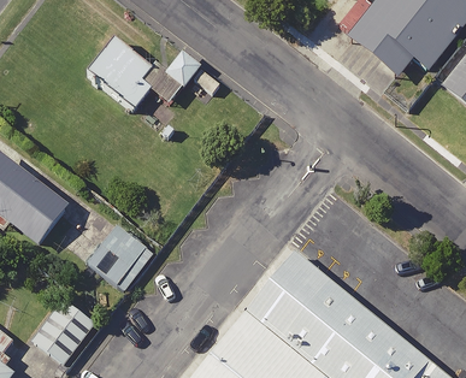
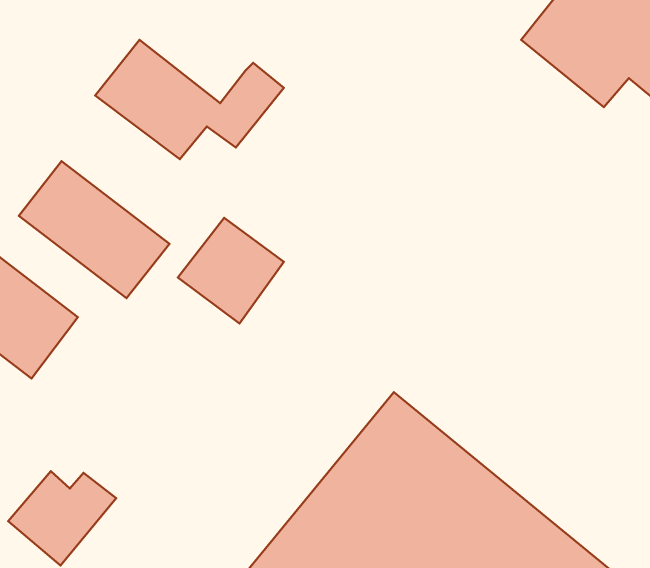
building: none -> [19,161,169,298]
building: [92,219,158,285] -> [178,218,284,324]

